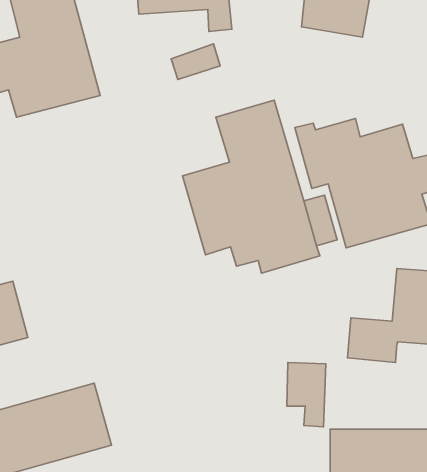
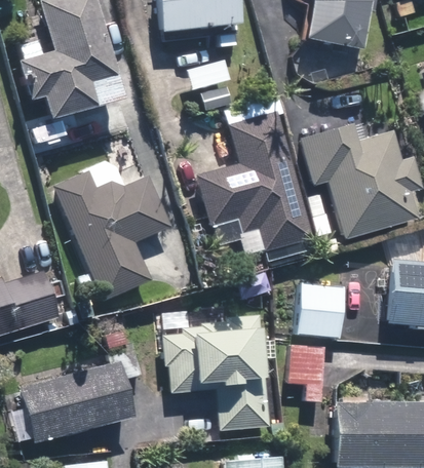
building: none -> [54,157,171,303]
building: none -> [297,283,345,337]
building: none -> [161,316,272,432]

